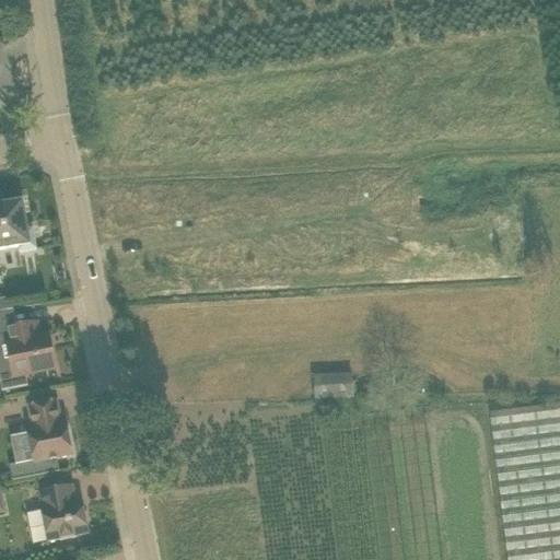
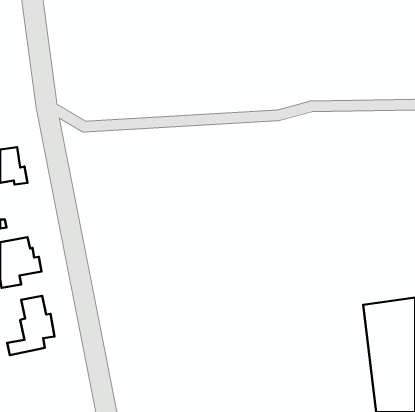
building: [316,374,352,395] -> none
building: [39,482,89,539] -> none

